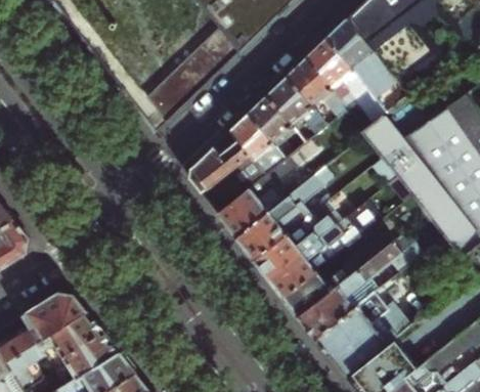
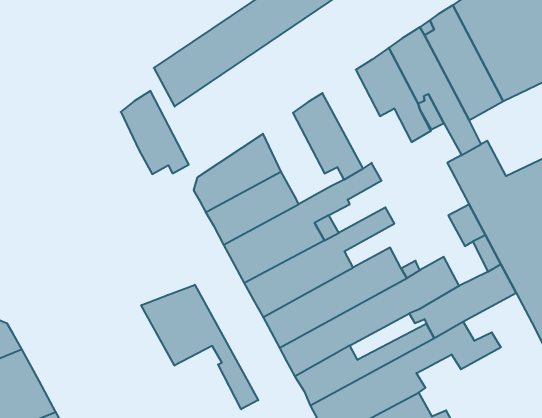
building: [268,74,328,135] -> none
building: [231,112,286,170] -> [121,91,189,174]
building: none -> [141,285,258,409]

